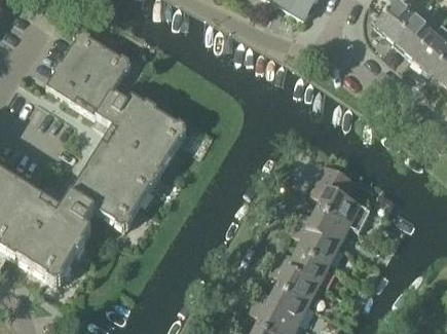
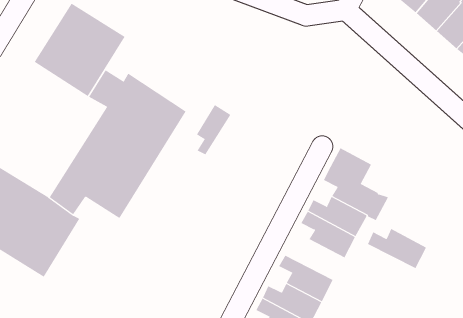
building: none -> [196,104,231,155]
building: [274,247,329,284] -> [367,228,427,269]

